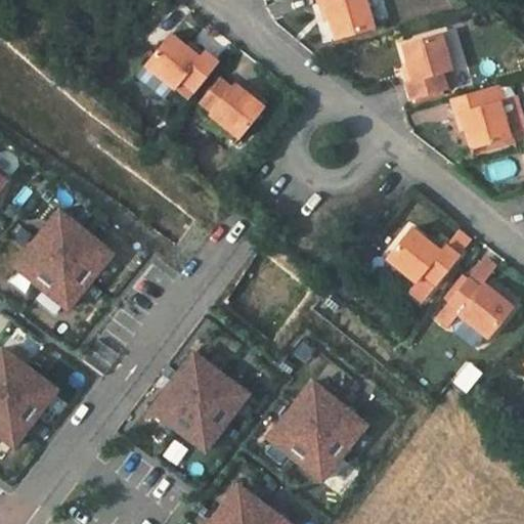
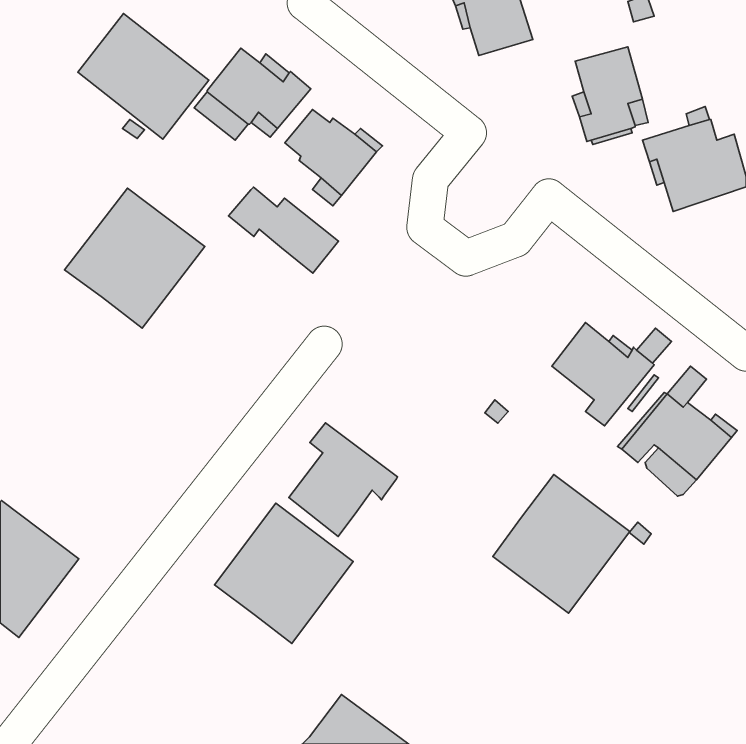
building: none -> [78,13,209,139]
building: none -> [229,187,338,273]
building: [14,211,113,309] -> [65,188,205,328]
building: none -> [289,423,398,537]
building: [269,384,365,481] -> [493,475,630,613]

